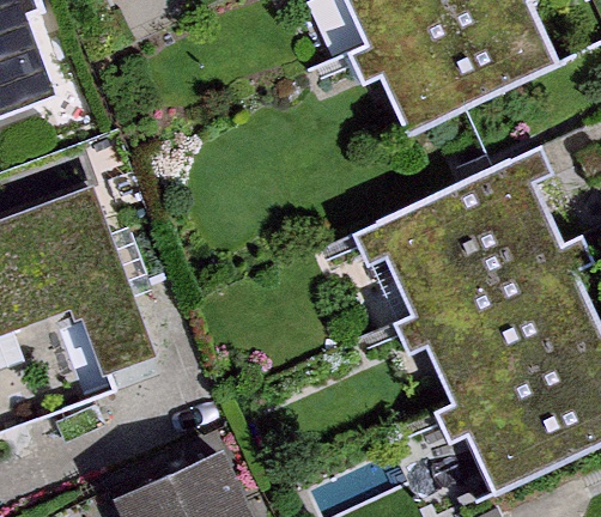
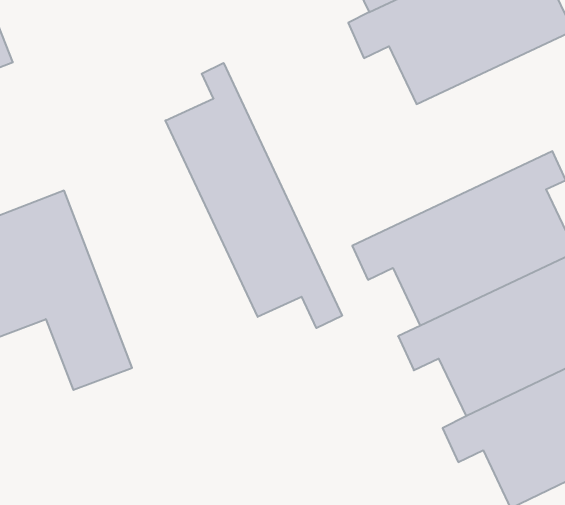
building: none -> [165,63,342,328]

